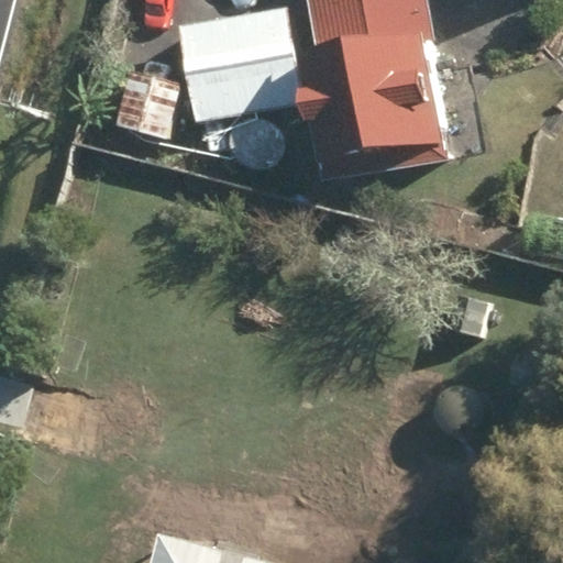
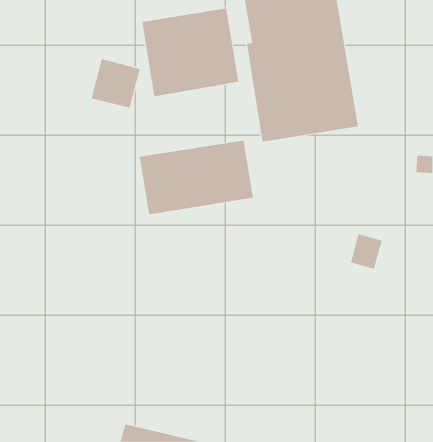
building: none -> [139,140,253,215]

